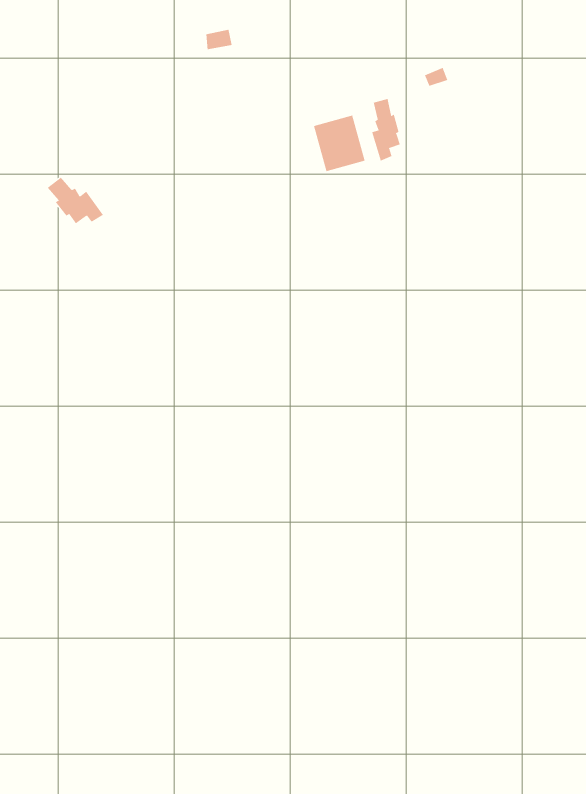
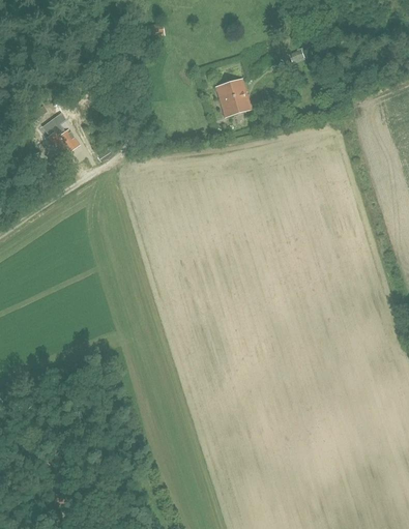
building: [372,98,401,161] -> none

